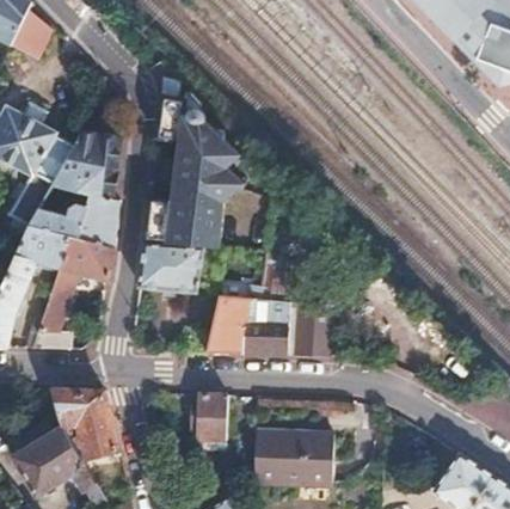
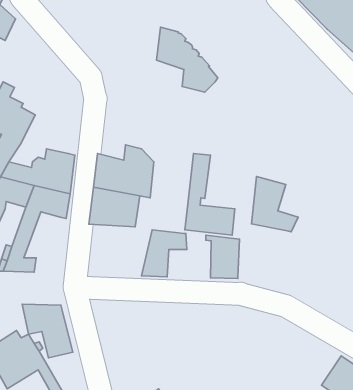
building: [156,96,234,178] -> [157,27,218,92]
building: [54,134,119,198] -> none
building: none -> [251,177,298,232]
building: [239,300,288,356] -> none
building: [197,394,228,440] -> none
building: [257,431,334,486] -> none

